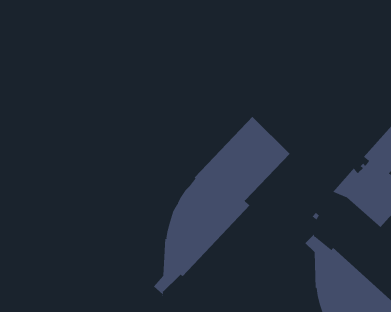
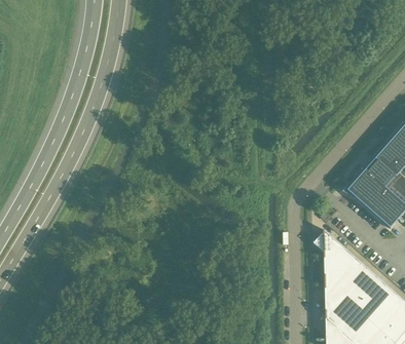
building: [153,116,291,300] -> none

